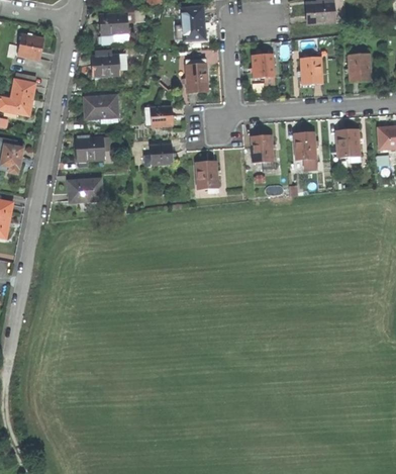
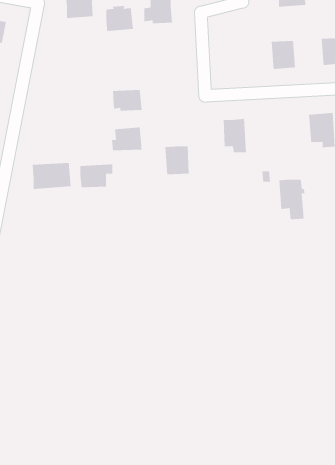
building: [92,52,119,77] -> [106,5,134,31]
building: [252,54,274,77] -> none
building: [186,61,210,91] -> none
building: [84,95,117,122] -> none
building: [294,129,320,169] -> [278,179,306,220]
building: [76,136,108,160] -> [80,164,113,188]

